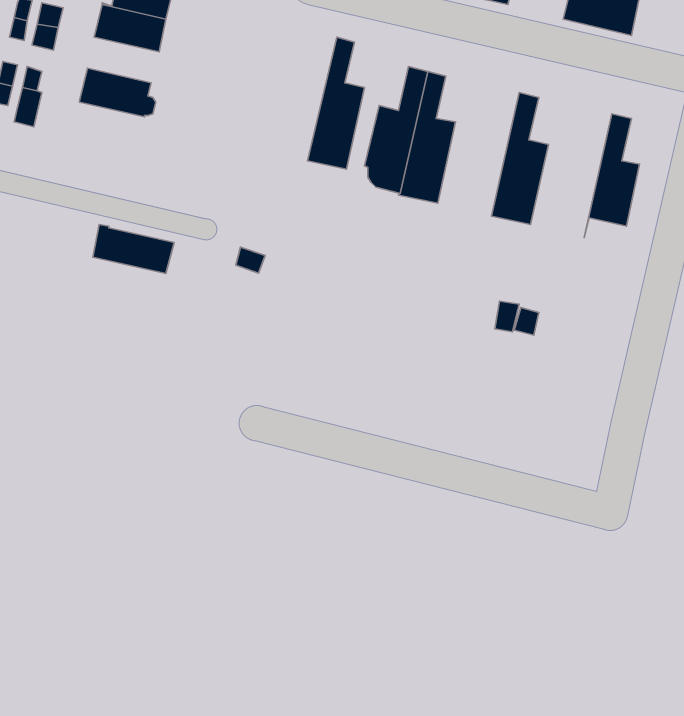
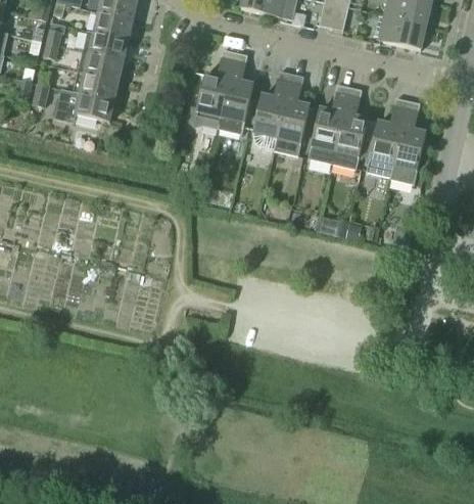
building: none -> [188,48,235,129]
building: none -> [79,51,124,80]
building: none -> [307,84,349,164]
building: none -> [367,96,408,177]
building: [93,225,174,273] -> [63,90,114,121]

